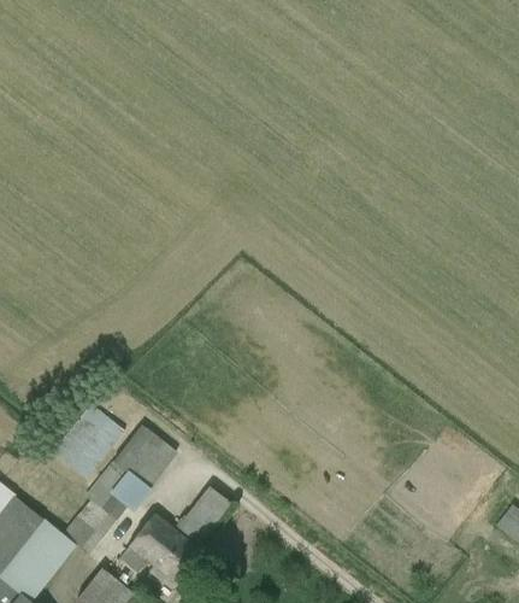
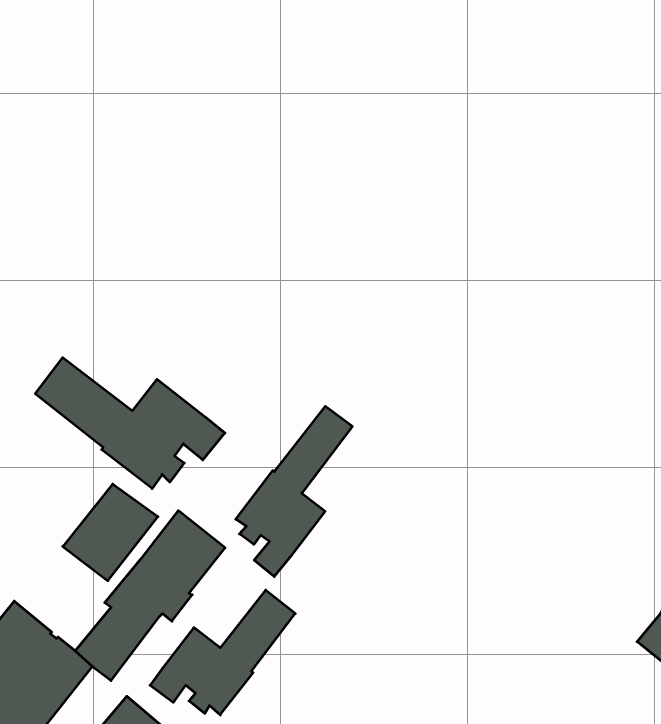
building: none -> [35,358,225,489]
building: none -> [236,406,352,577]

